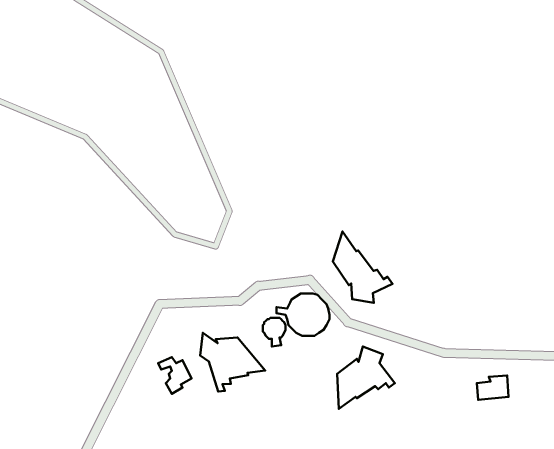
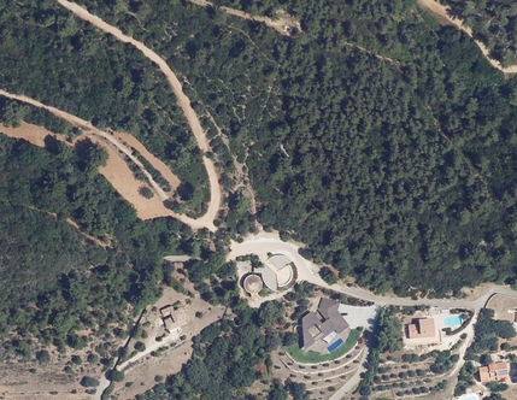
building: [333,232,392,303] -> none
building: [200,333,265,392] -> none

